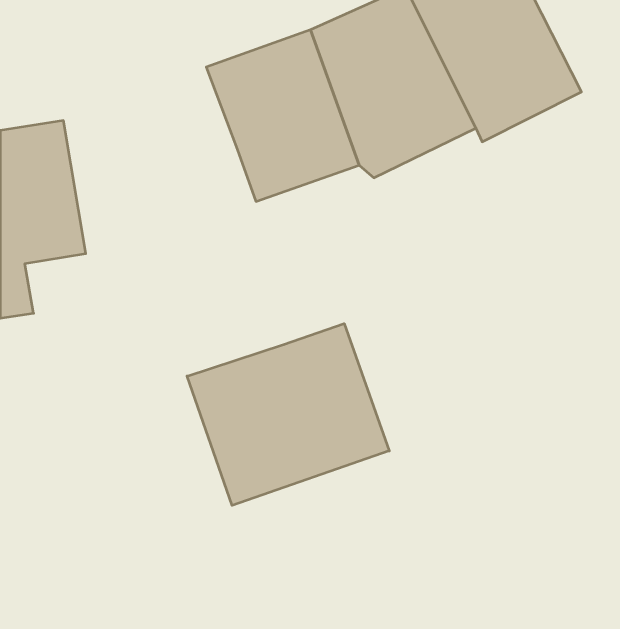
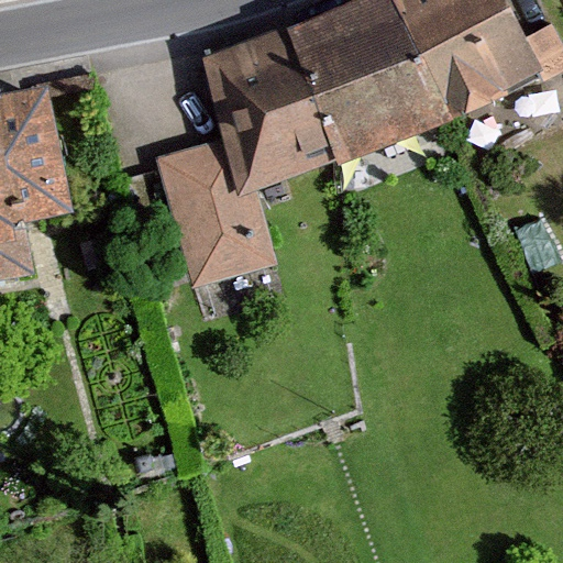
building: none -> [147,132,271,291]
building: [187,324,389,505] -> none

